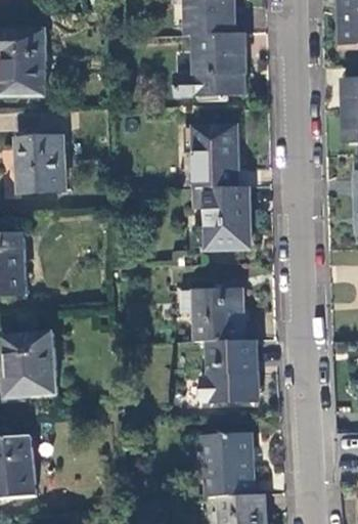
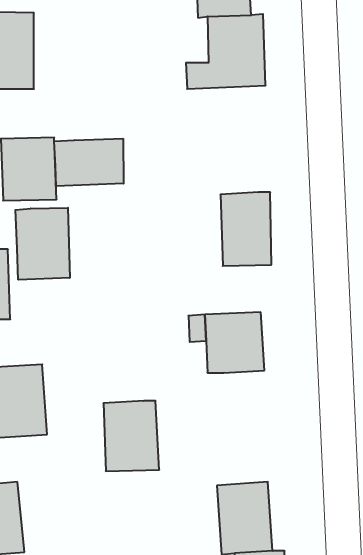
building: [191,126,238,186] -> none
building: none -> [54,139,124,186]
building: none -> [15,208,70,280]
building: [209,338,257,398] -> [103,401,159,471]

